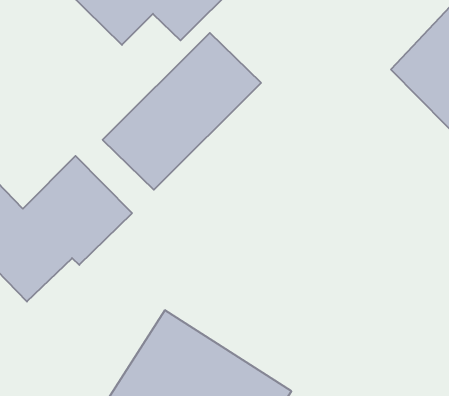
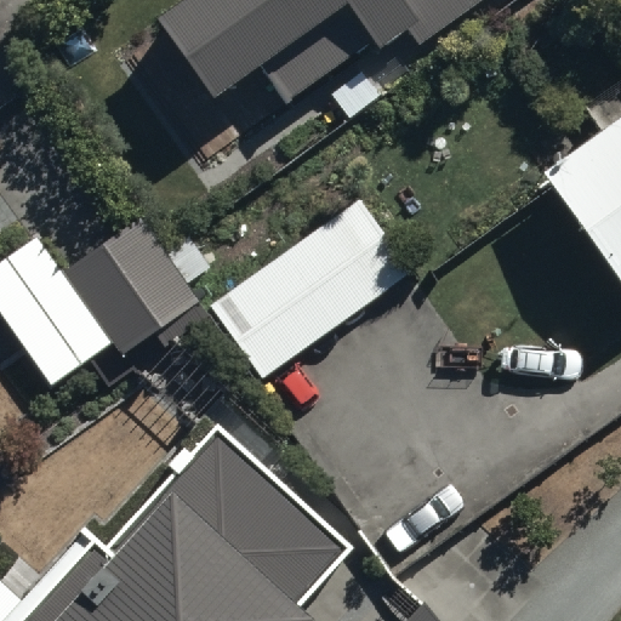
building: [103,33,261,190] -> [210,199,412,377]

